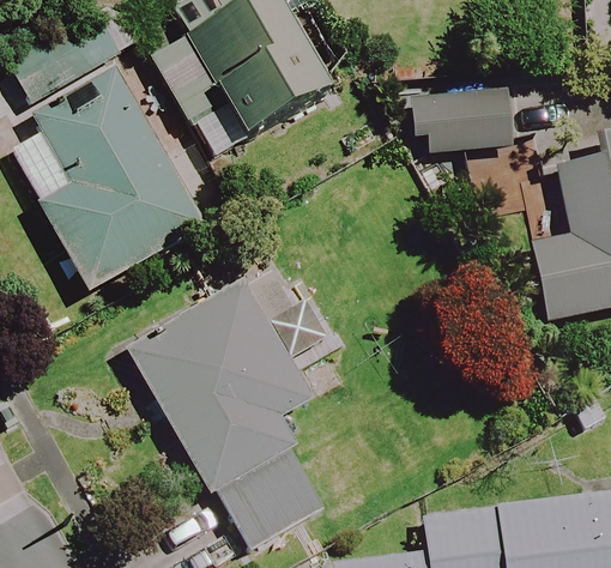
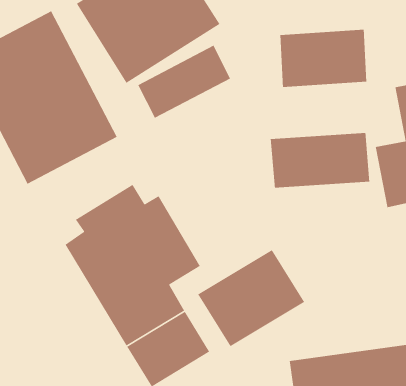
building: none -> [137,45,231,119]
building: none -> [270,132,370,188]
building: none -> [197,249,305,347]

